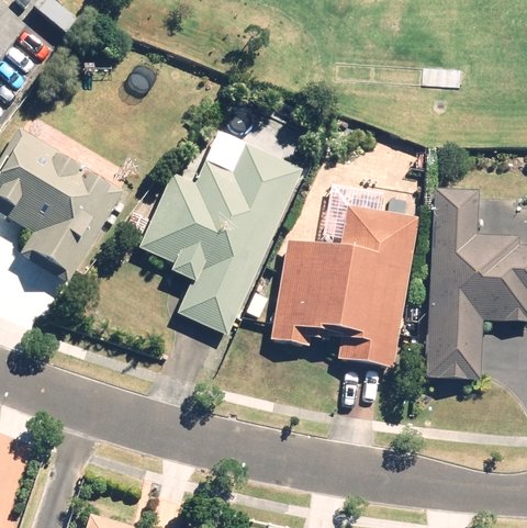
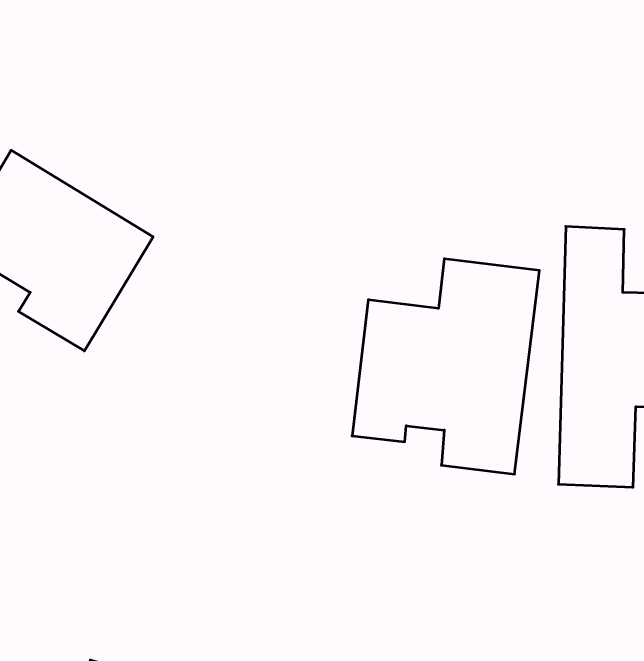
building: [143,130,300,334] -> none

